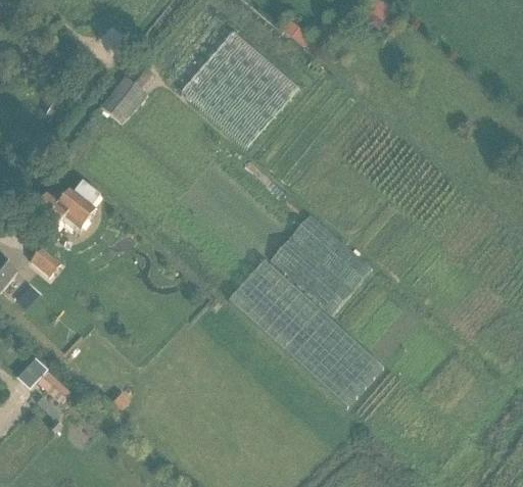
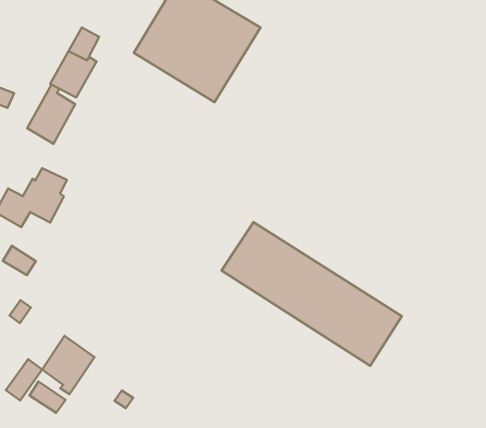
building: none -> [27,85,75,144]
building: [271,214,372,313] -> none
building: none -> [42,336,95,394]

